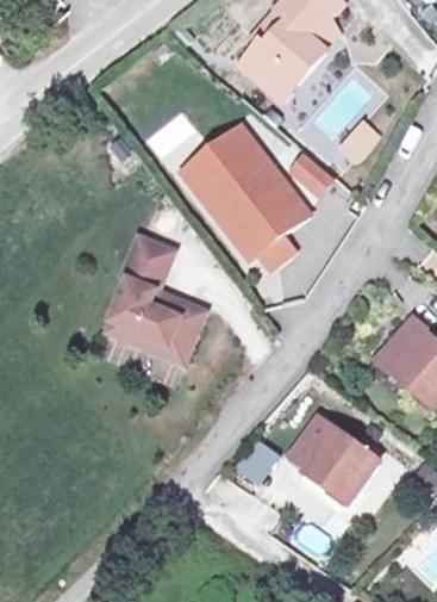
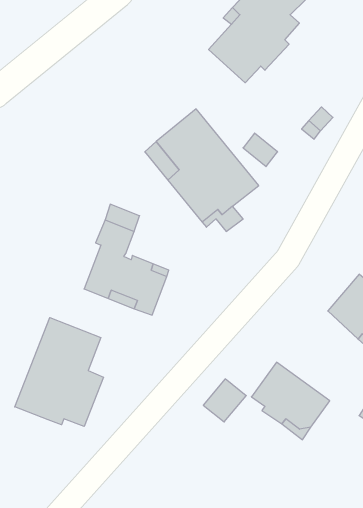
building: none -> [15,318,103,426]

